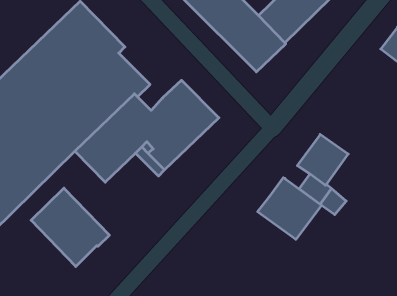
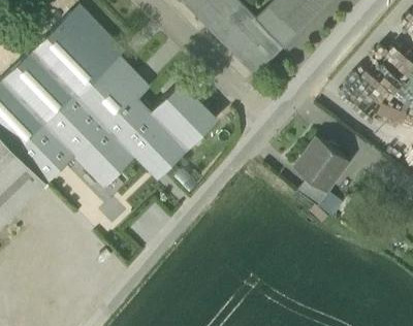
building: [258,178,322,239] -> none
building: [31,188,109,267] -> none

